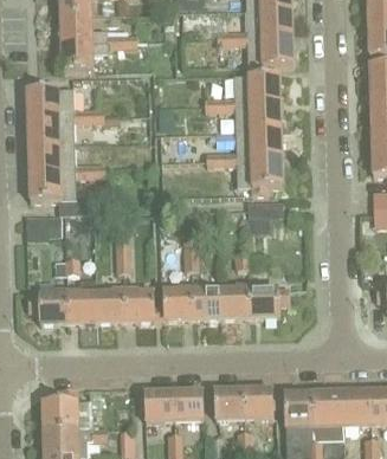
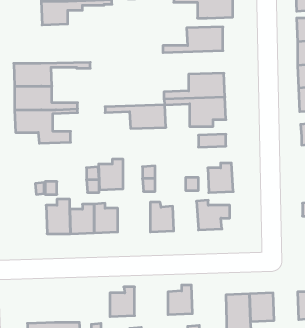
building: [26,88,120,117] -> none
building: [207,102,280,130] -> [105,105,166,128]
building: [25,216,60,239] -> none
building: [219,283,250,318] -> [208,163,233,193]
building: [162,284,192,321] -> [99,159,123,190]
building: [26,287,67,323] -> none
building: [241,383,271,418] -> none
building: [173,384,202,420] -> none
building: [43,388,77,429] -> none
building: [340,392,370,426] -> none

